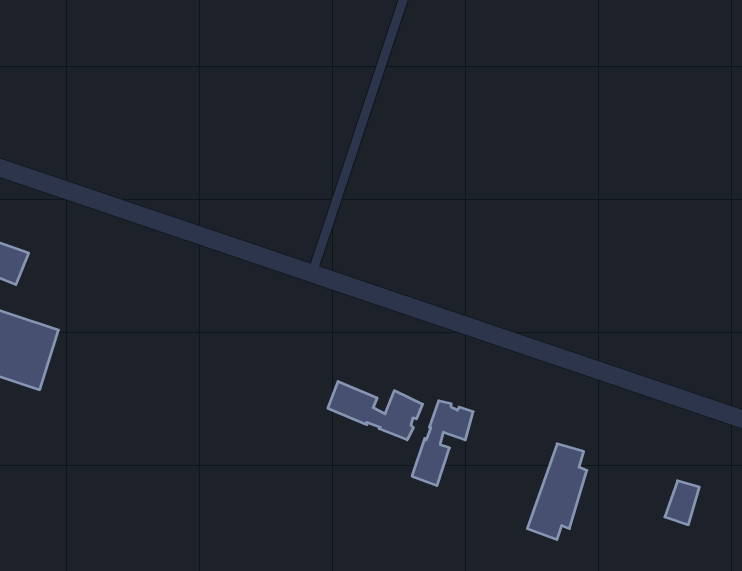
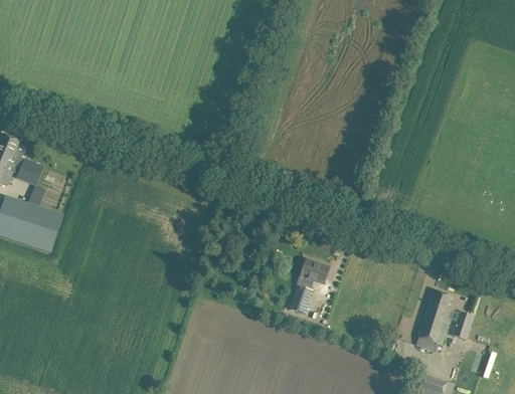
building: [328,381,423,440] -> none
building: [527,444,587,540] -> [414,289,453,351]

